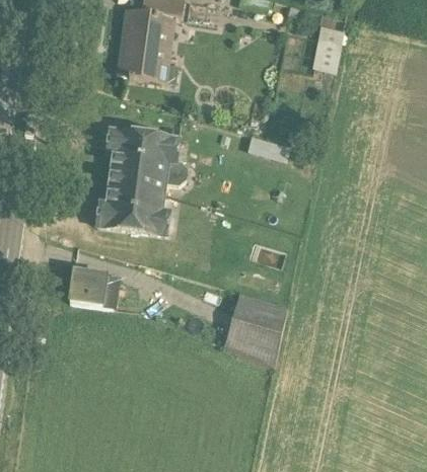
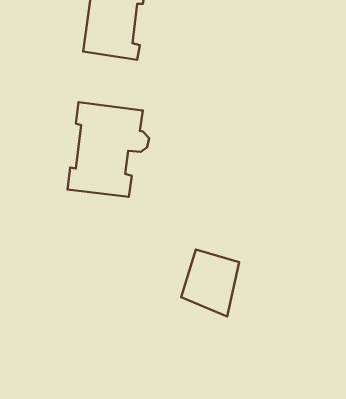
building: [311,23,345,72] -> none
building: [70,272,118,309] -> none

